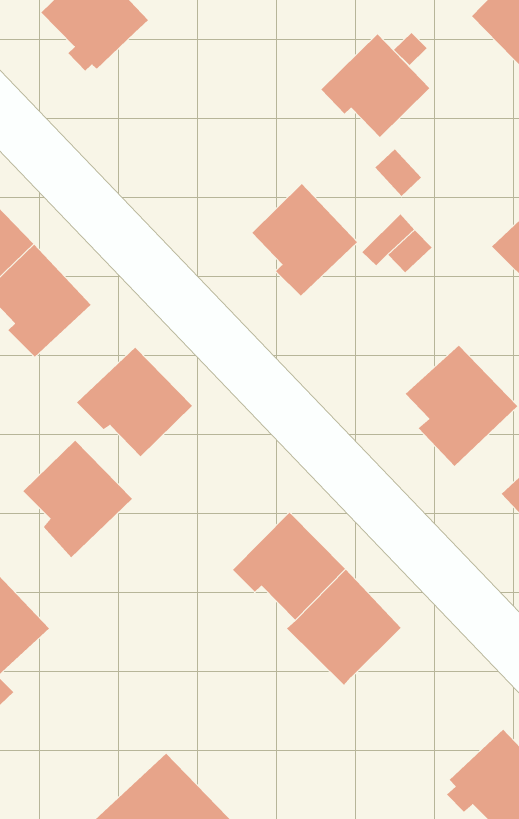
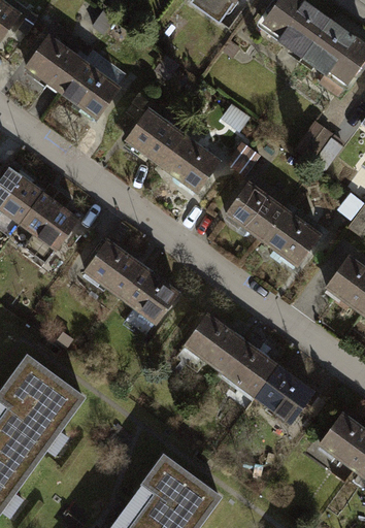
building: none -> [60,59,120,122]
building: [320,33,430,138] -> [123,108,182,165]
building: none -> [220,179,284,238]
building: [23,440,133,558] -> [121,265,181,330]
building: none -> [257,366,317,424]

